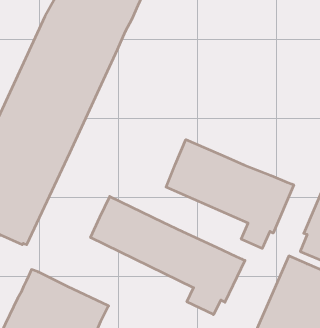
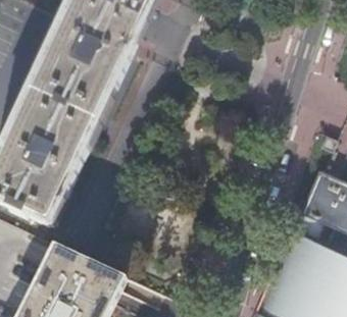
building: [166,140,294,248] -> none
building: [91,196,245,315] -> none

